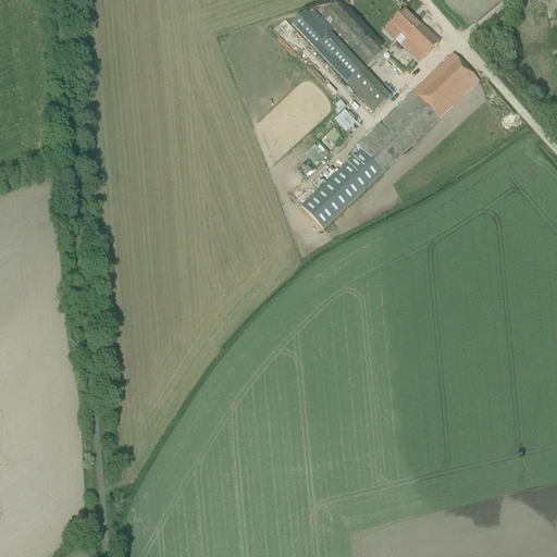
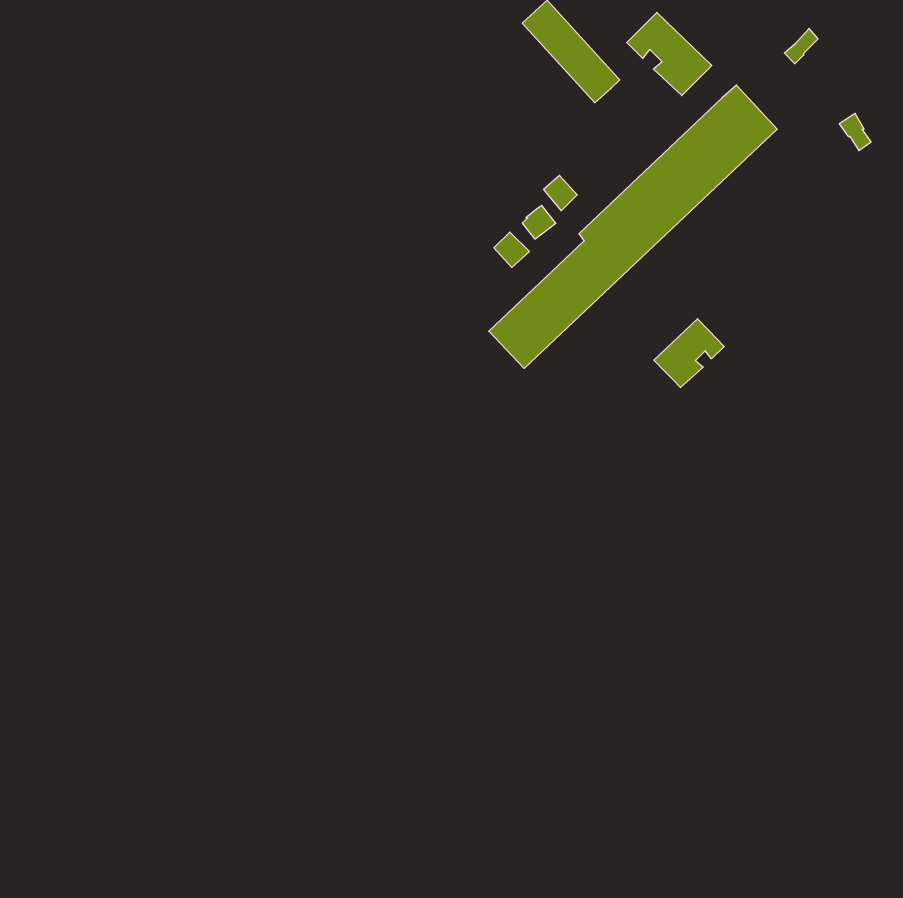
building: [290,8,389,109] -> none
building: none -> [654,319,724,388]

